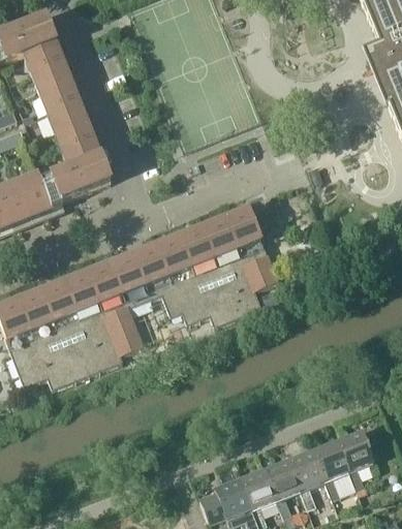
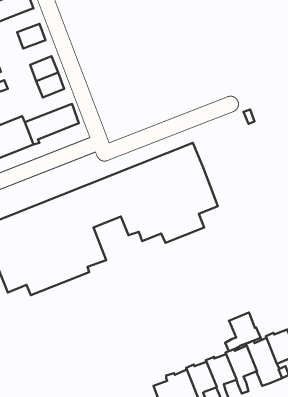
building: [29,41,63,70] -> none
building: [43,80,78,110] -> none
building: [67,138,101,167] -> none
building: none -> [225,313,261,351]

